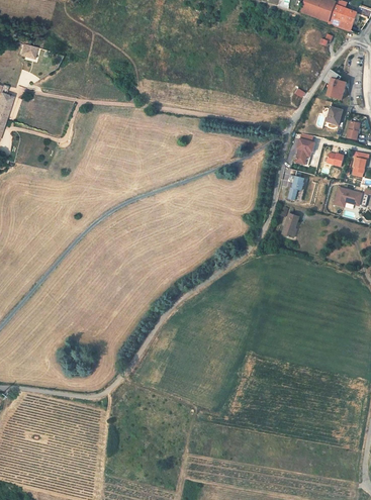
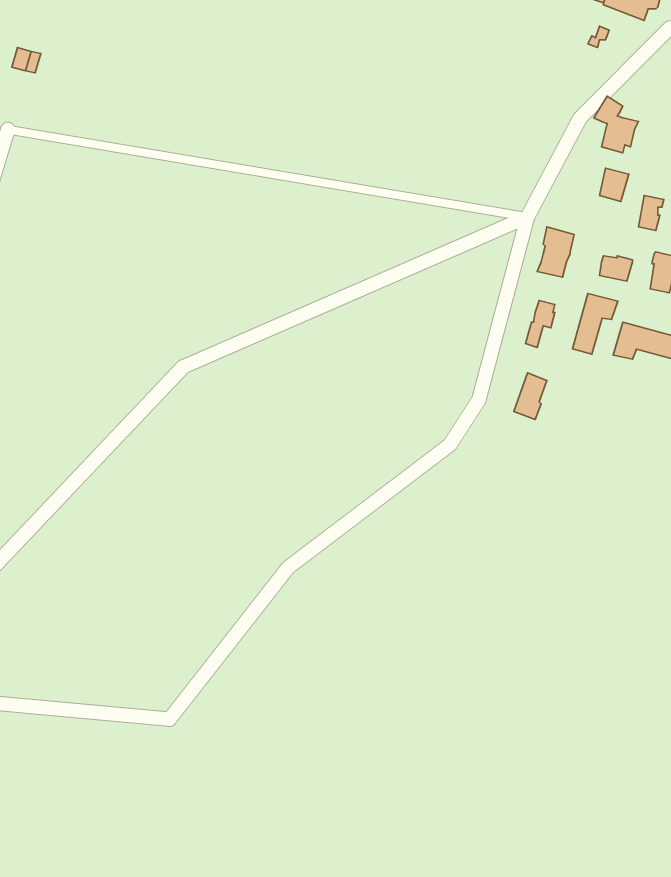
building: none -> [572,294,618,354]

